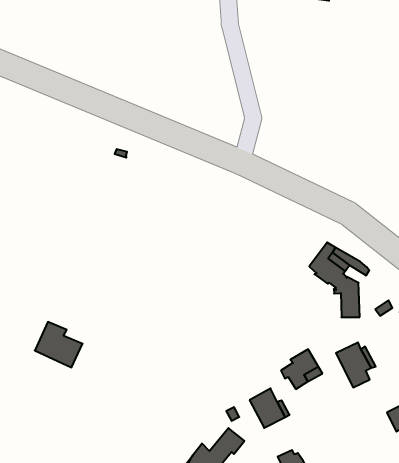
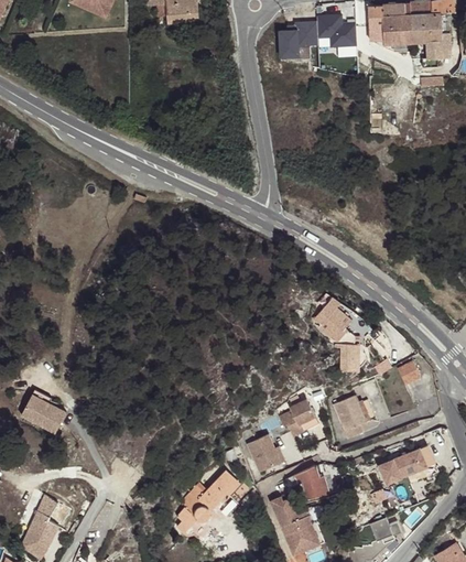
building: [35,322,83,367] -> [20,389,66,434]
building: none -> [284,465,328,499]

